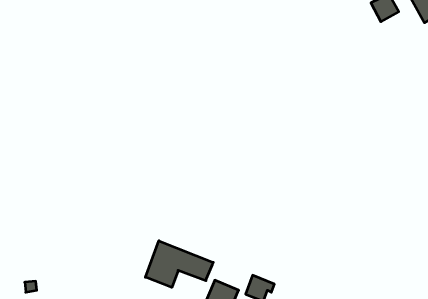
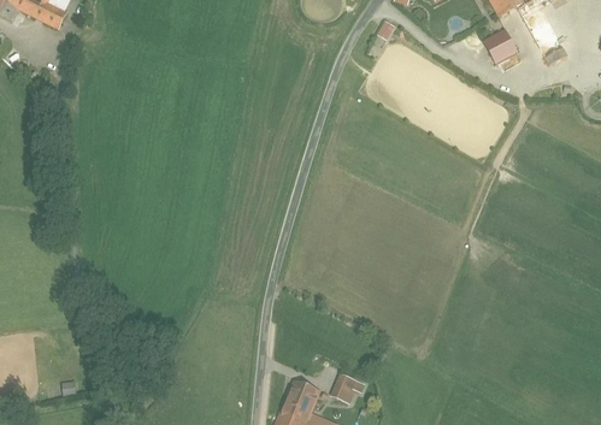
building: [145,241,213,287] -> none

